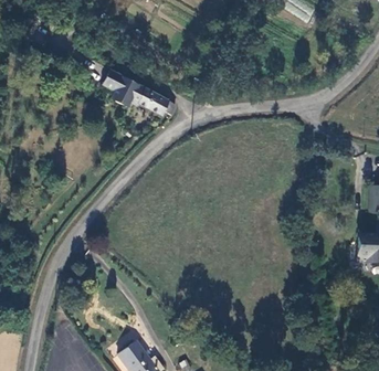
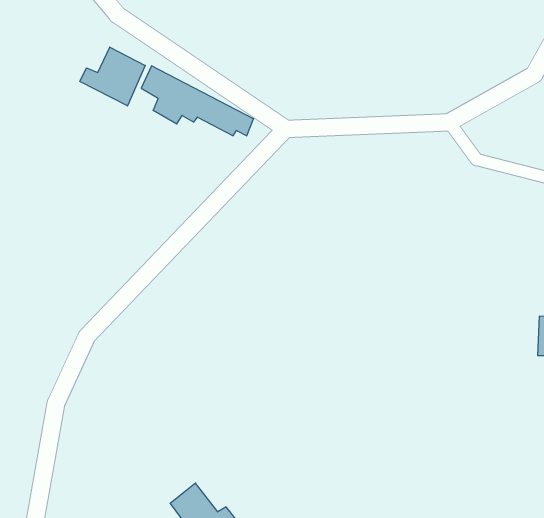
building: none -> [80,47,145,106]

